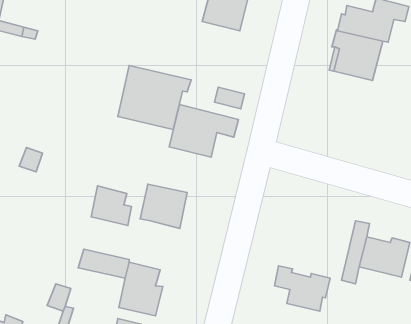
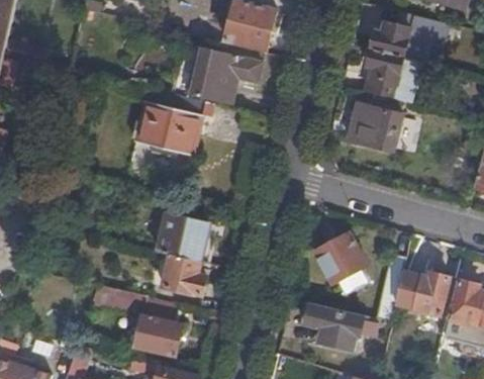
building: none -> [349,104,401,152]
building: [169,104,239,157] -> [186,46,261,103]
building: [91,186,131,225] -> [163,254,206,296]
building: none -> [313,233,366,284]

